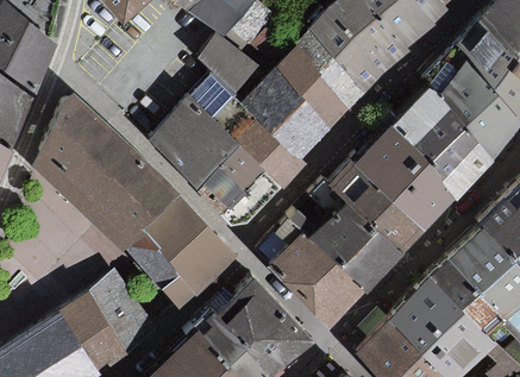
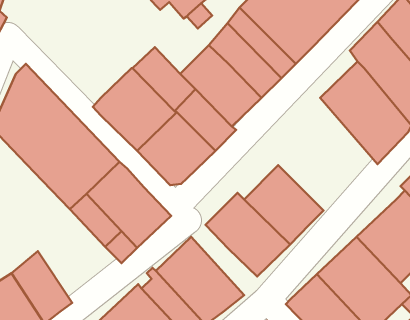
building: [200,33,272,102] -> none
building: [330,128,455,250] -> none
building: [88,275,154,350] -> none

